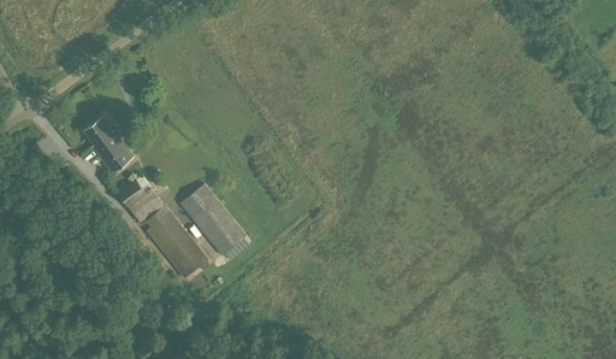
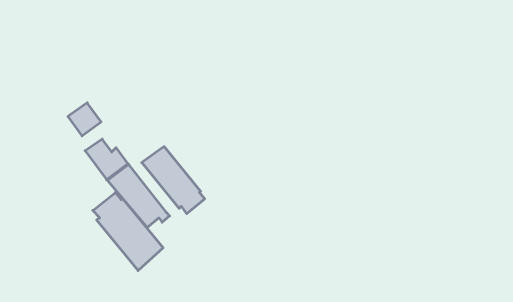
building: [83,116,117,149] -> none
building: none -> [93,192,163,271]

